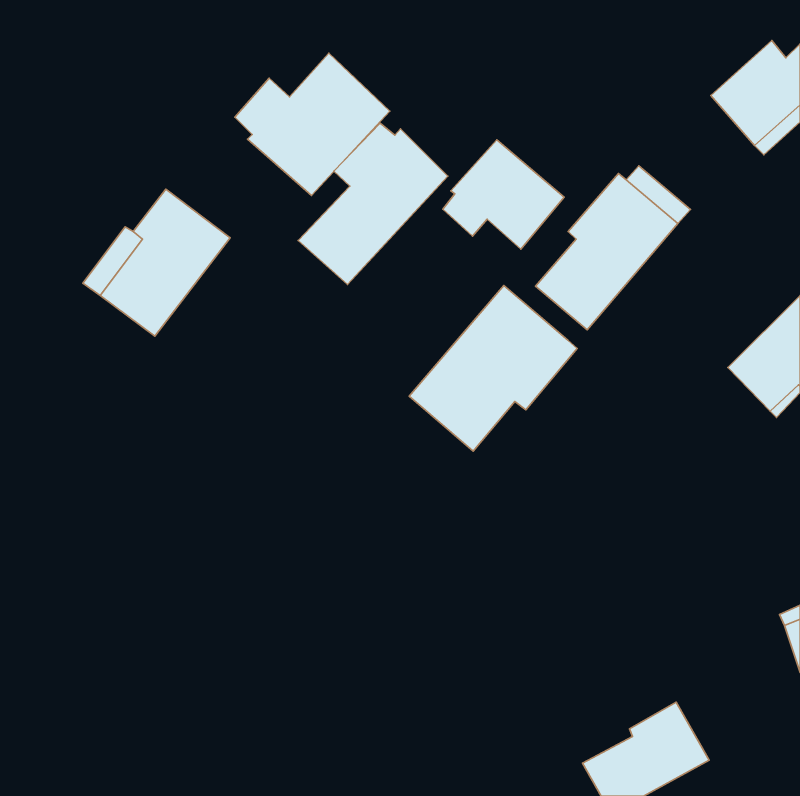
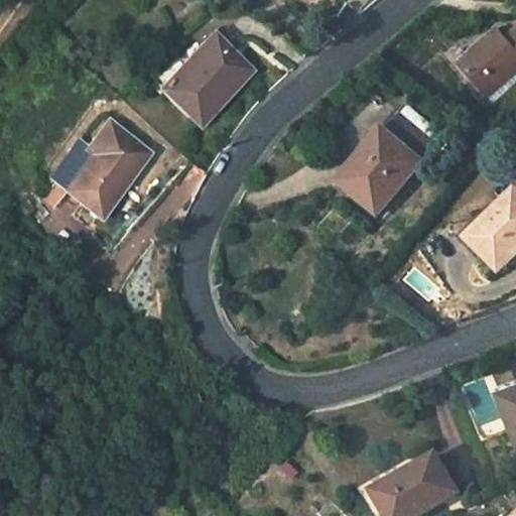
building: [298,123,448,284] -> none
building: [443,140,564,249] -> none
building: [409,285,577,451] -> none

